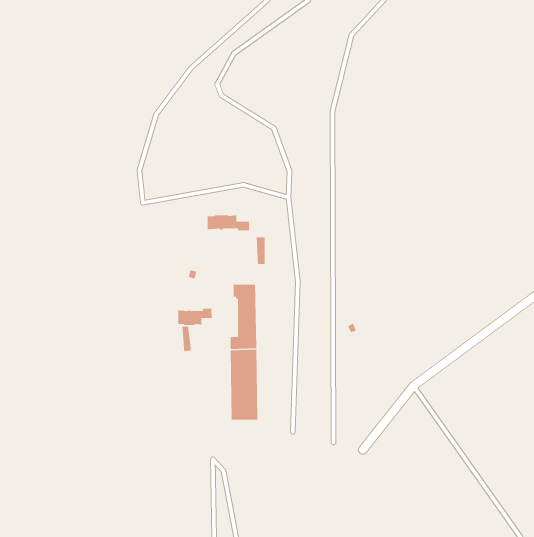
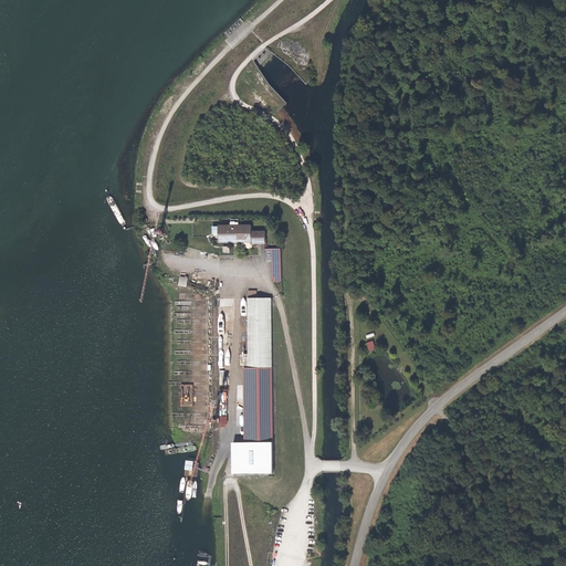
building: [177,308,212,326] -> none
building: none -> [232,442,270,472]

